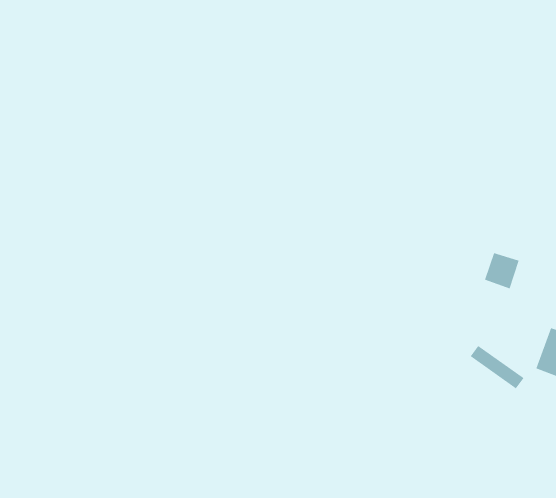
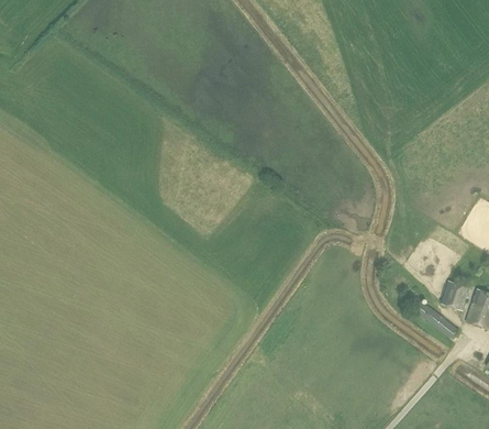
building: [484,252,520,289] -> [441,279,469,309]

